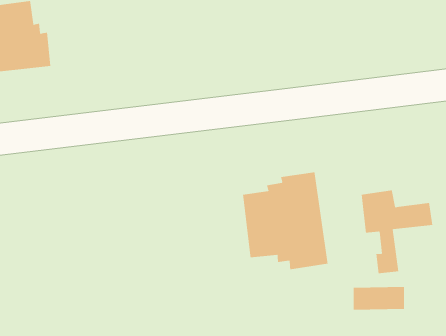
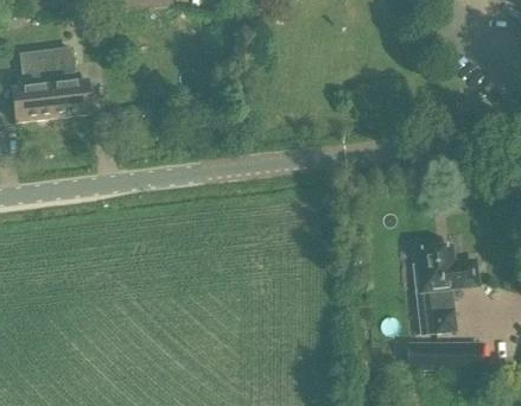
building: [242,172,328,270] -> none

